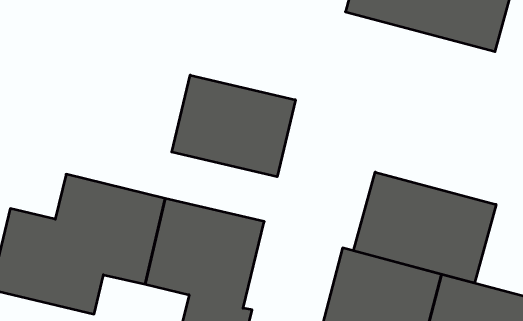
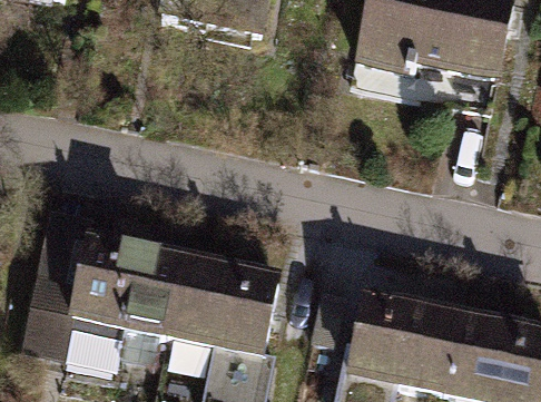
building: [172,75,295,177] -> none
building: [354,172,496,283] -> none

